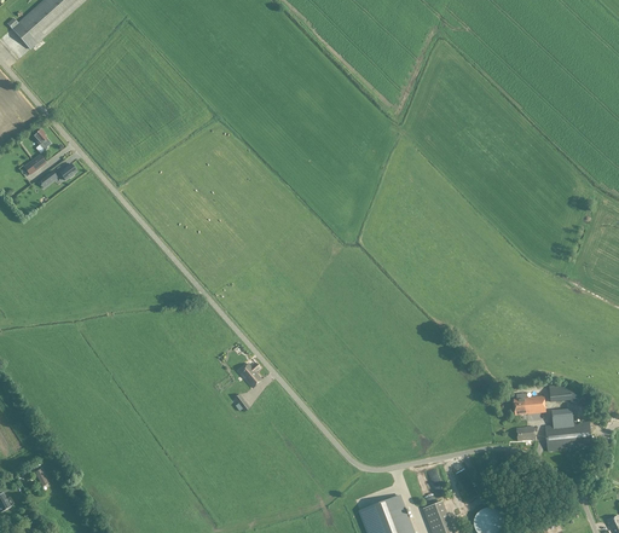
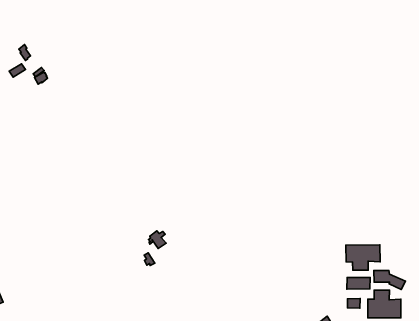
building: none -> [346,245,380,270]

